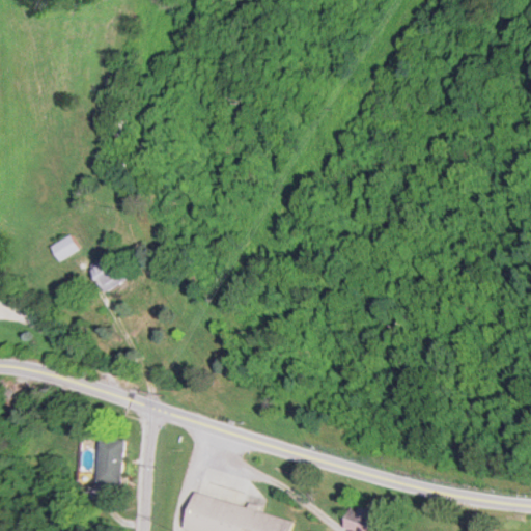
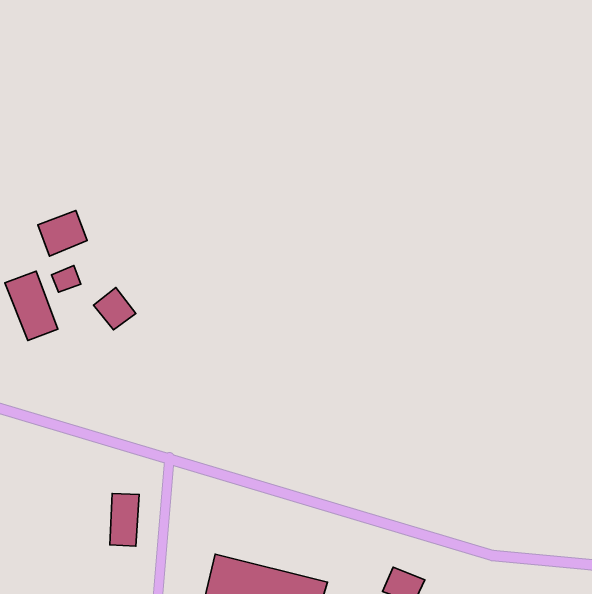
building: none -> [38,211,87,256]
building: none -> [5,271,58,340]

